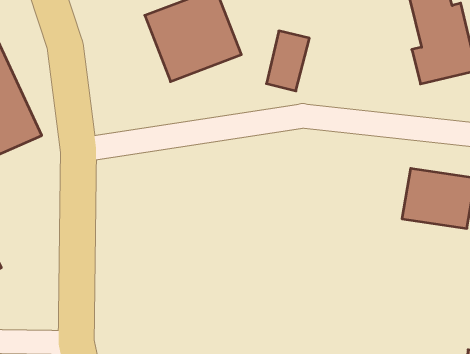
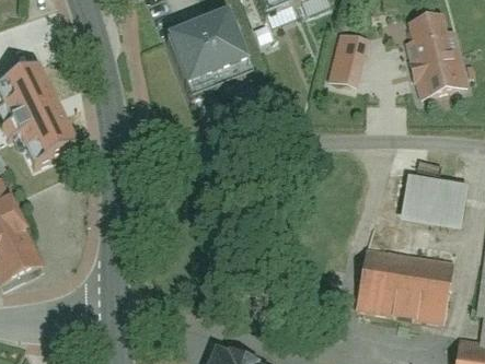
building: [266,31,309,91] -> [328,30,367,83]
building: none -> [357,250,450,321]

